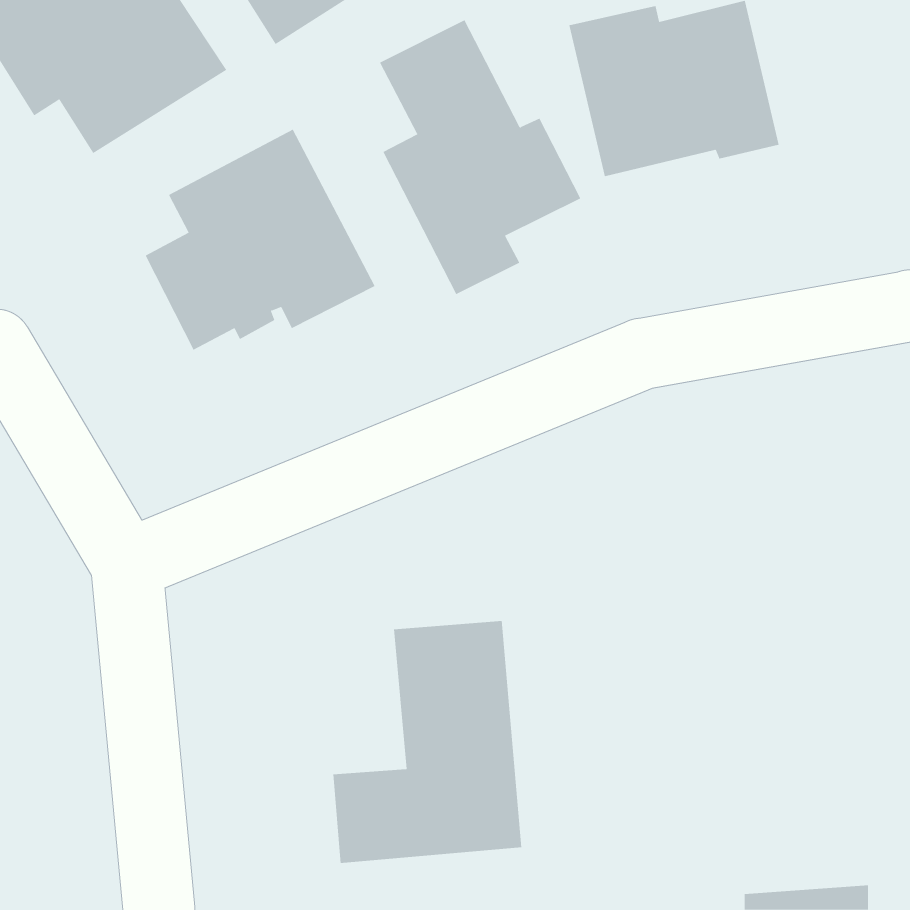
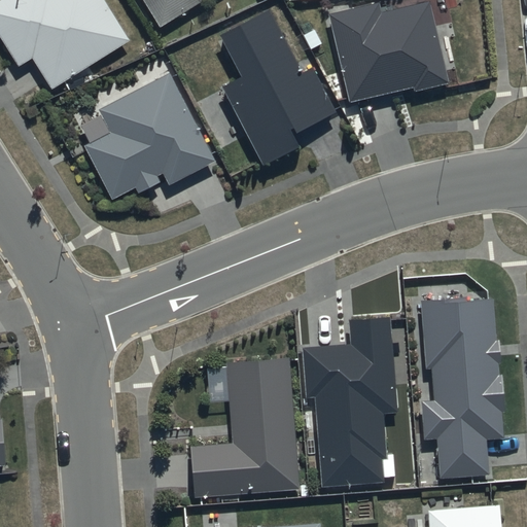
building: none -> [419,294,505,479]
building: none -> [300,315,396,484]

